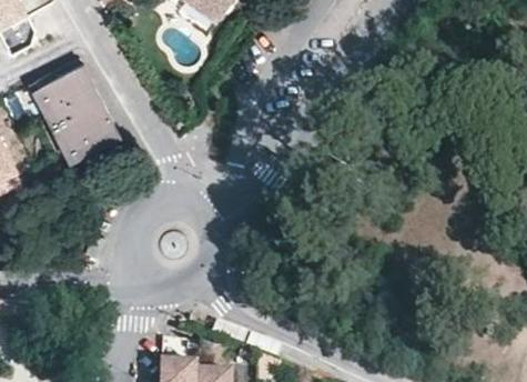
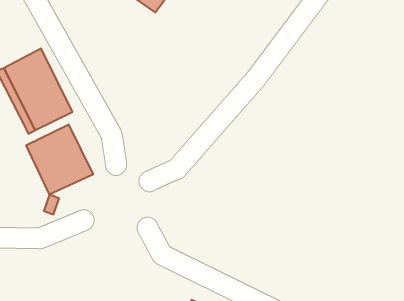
building: none -> [26,124,93,195]

